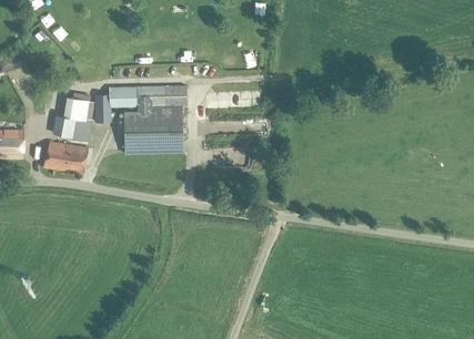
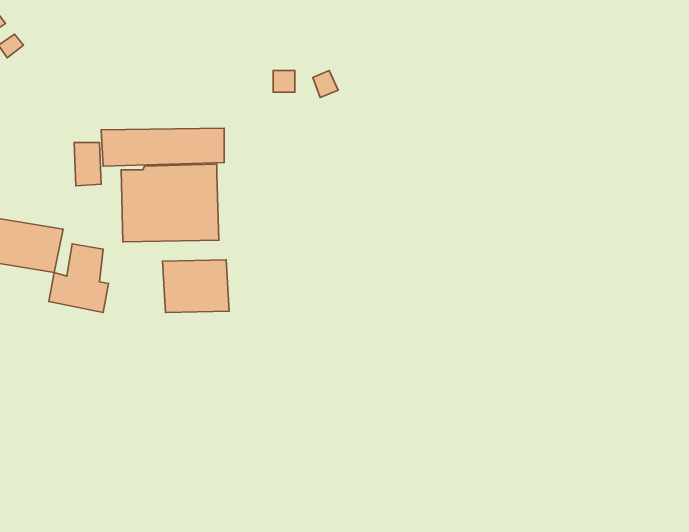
building: [53,100,90,142] -> [49,244,108,312]
building: none -> [162,260,229,313]

